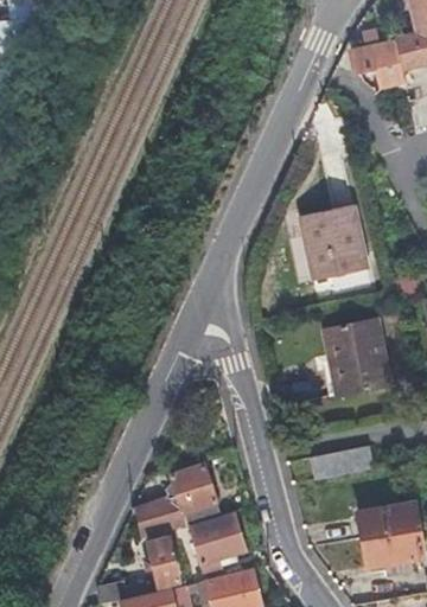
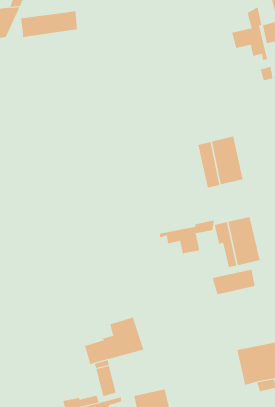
building: none -> [20,10,77,38]
building: none -> [159,219,215,254]
building: [308,443,372,481] -> [212,269,256,295]
building: [192,516,246,574] -> none

